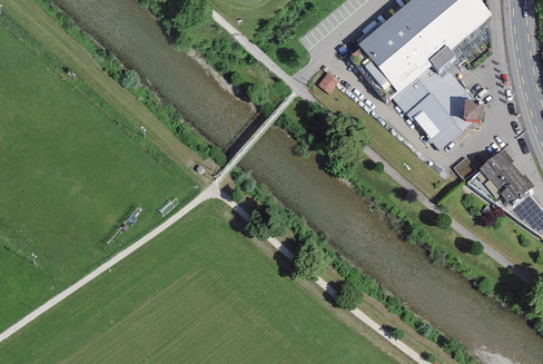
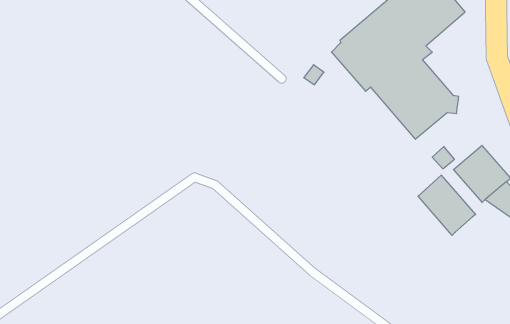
building: none -> [418,175,476,235]

